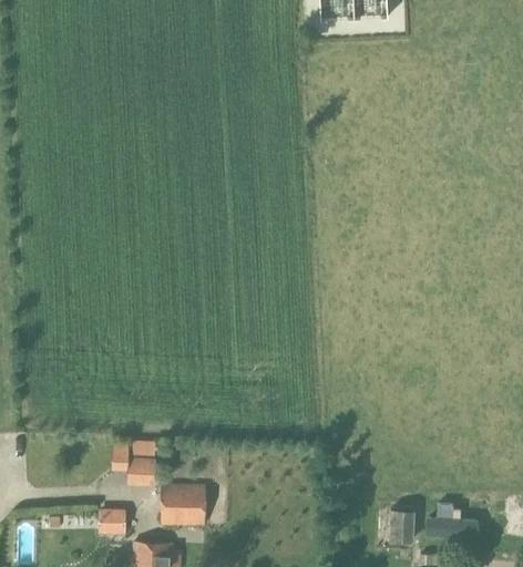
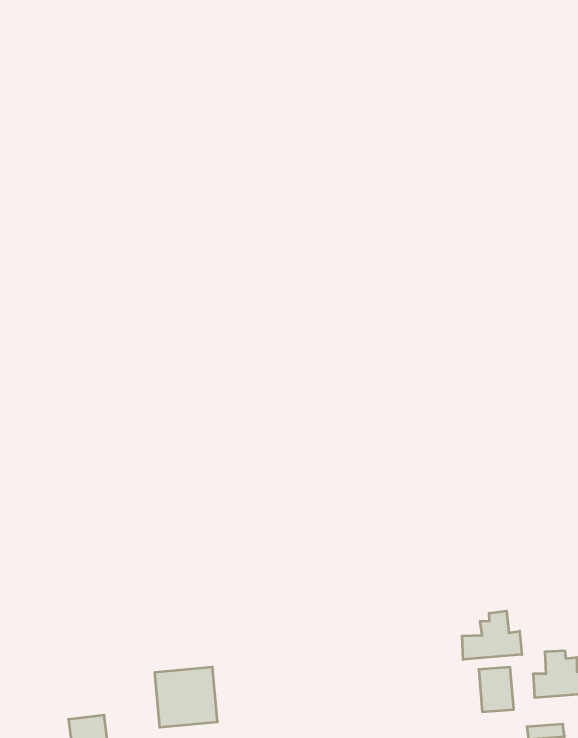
building: [112,442,154,483] -> none
building: none -> [462,611,522,660]

